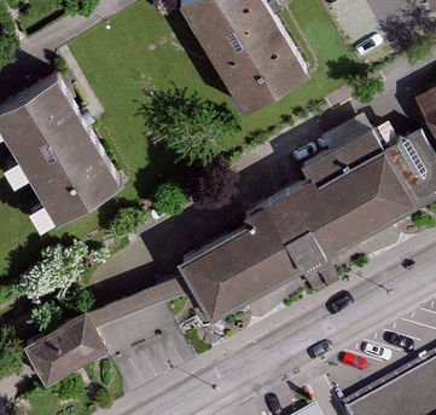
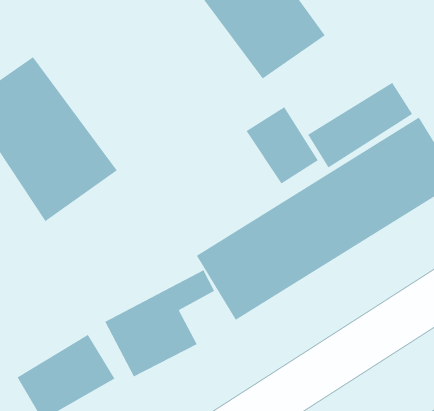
building: none -> [245,106,319,185]

